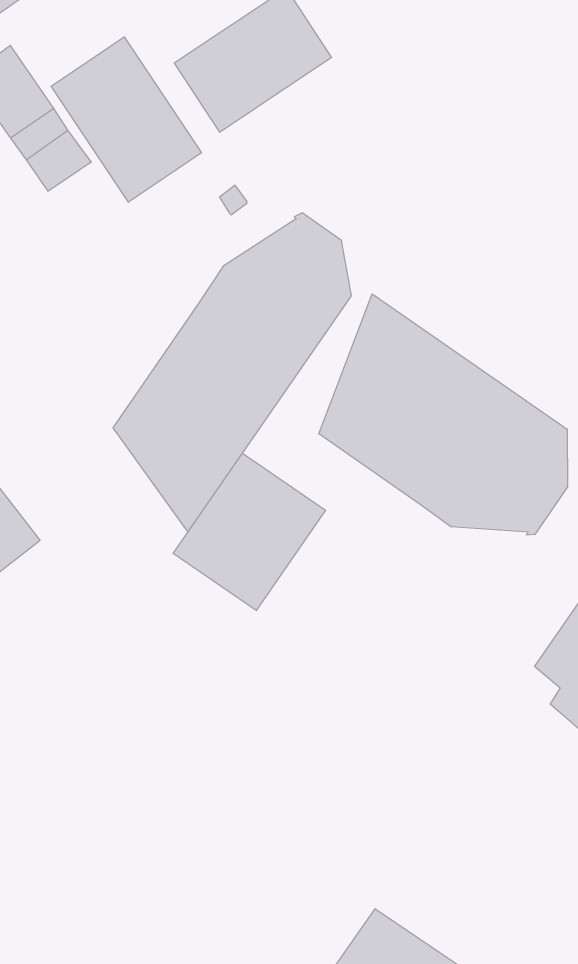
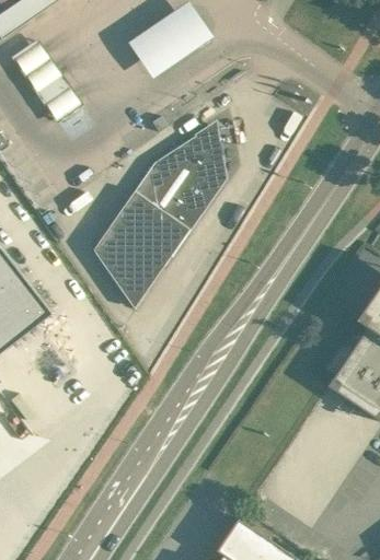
building: [51,37,201,202] -> none
building: [319,294,567,535] -> none
building: [173,453,326,611] -> none

